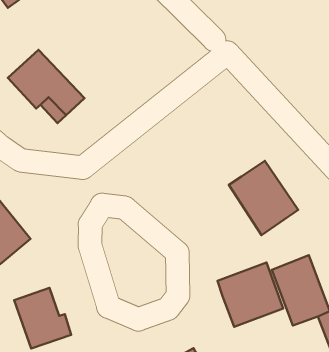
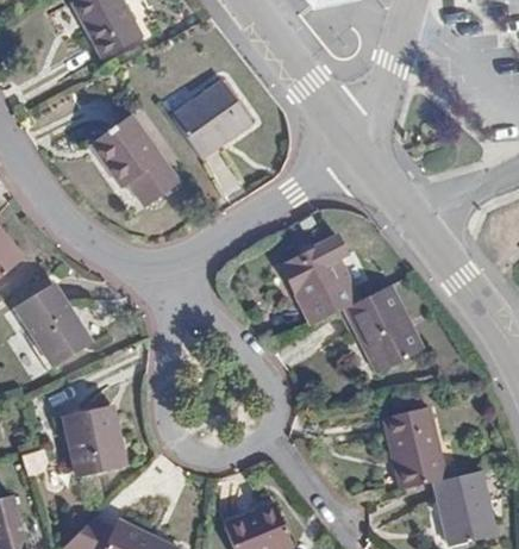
building: none -> [171,77,254,157]
building: none -> [279,238,361,326]
building: [218,263,283,327] -> none

